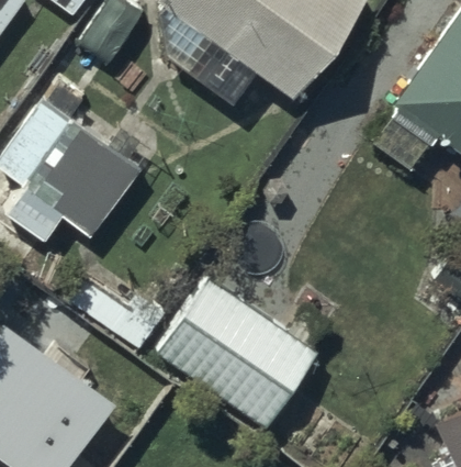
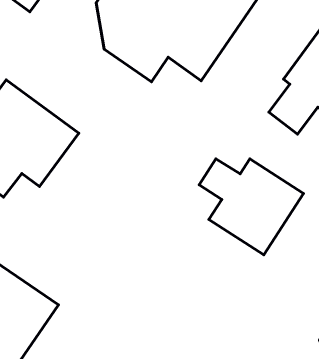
building: none -> [199,159,303,255]
building: [154,279,318,432] -> none

